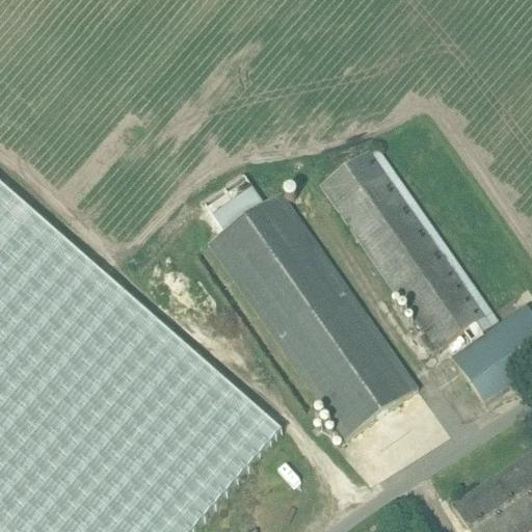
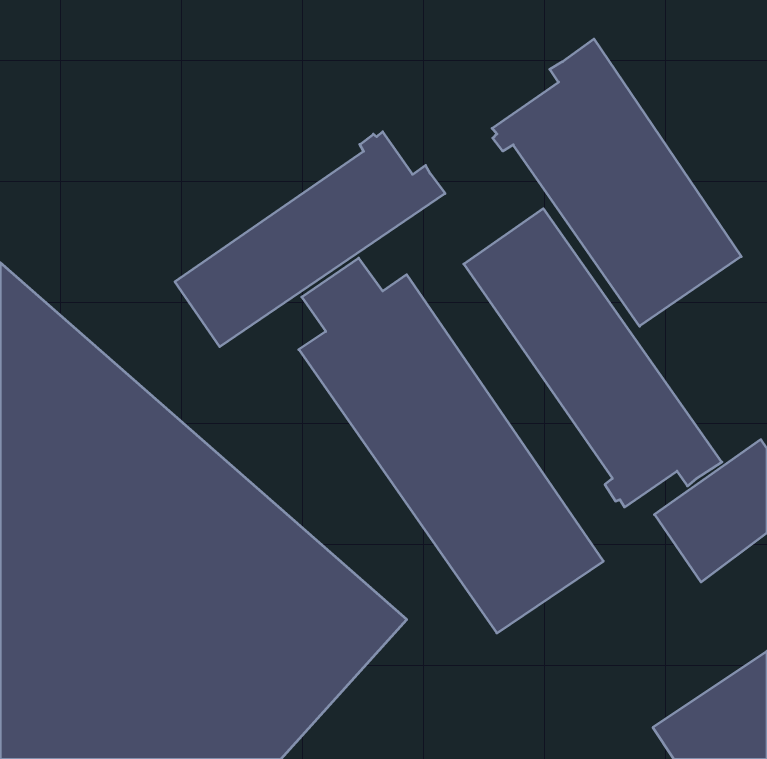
building: none -> [492,39,741,326]
building: none -> [175,132,445,347]

